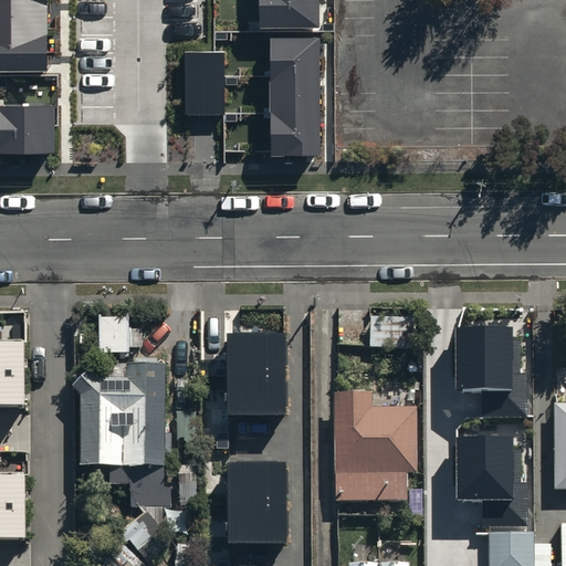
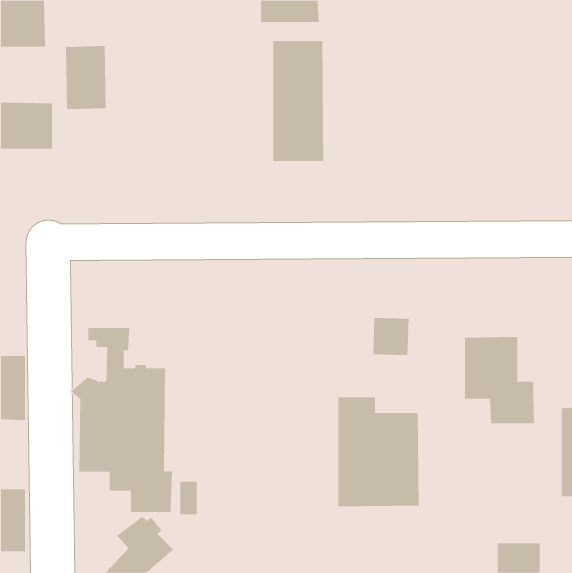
building: [182,49,223,112] -> [65,46,107,110]
building: [218,327,291,423] -> none
building: [459,439,528,525] -> none
building: [219,454,292,551] -> none

